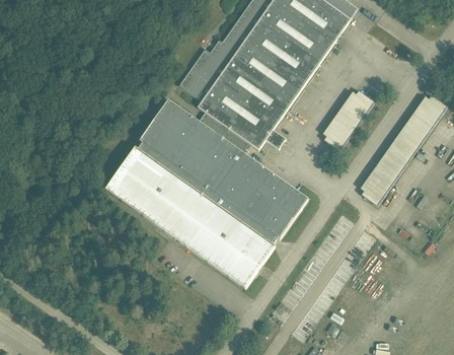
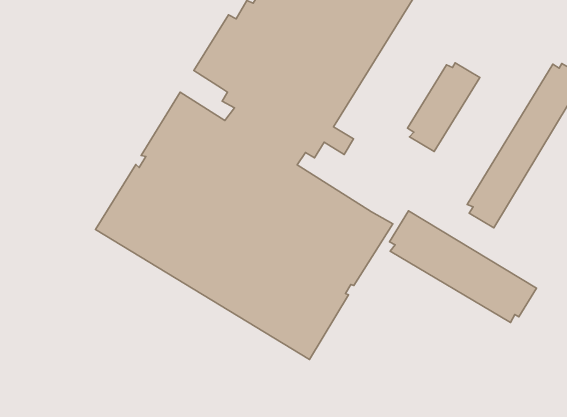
building: none -> [390,211,536,322]

